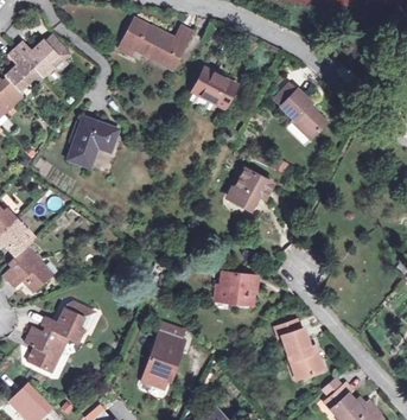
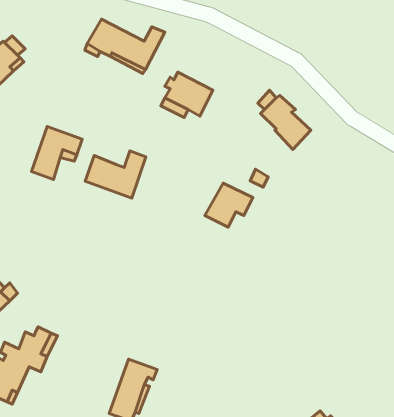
building: none -> [85,151,146,198]
building: [217,274,257,304] -> none
building: [274,320,323,378] -> none

